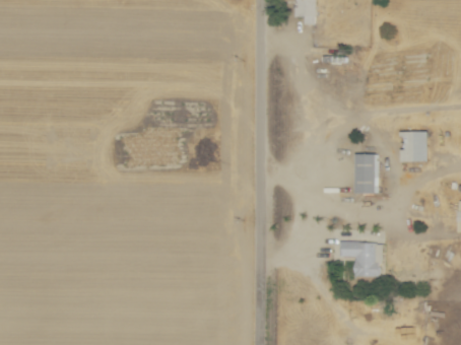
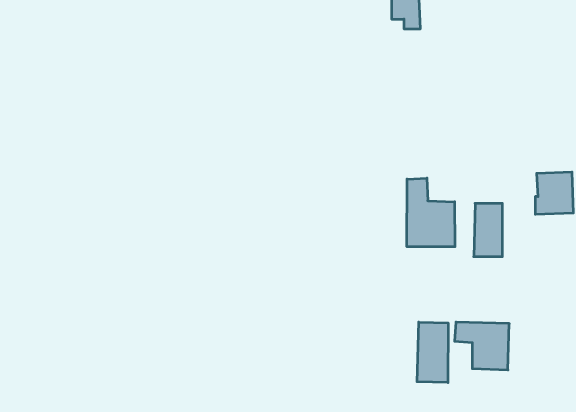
building: none -> [407,178,455,247]
building: none -> [417,322,448,383]

